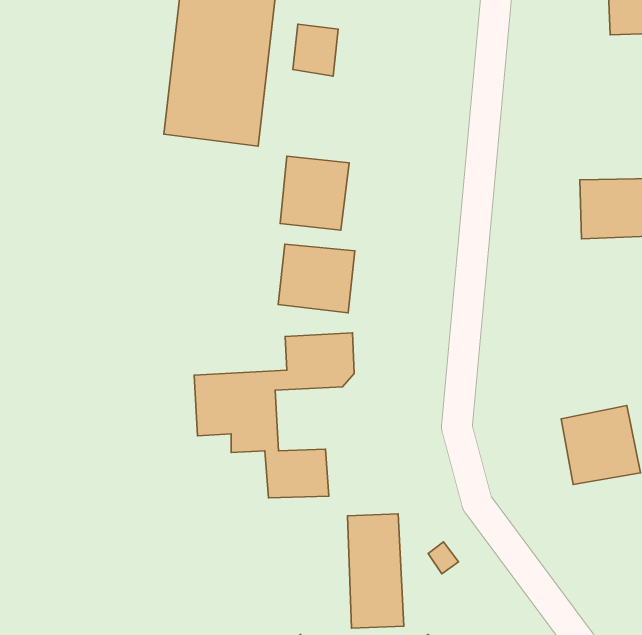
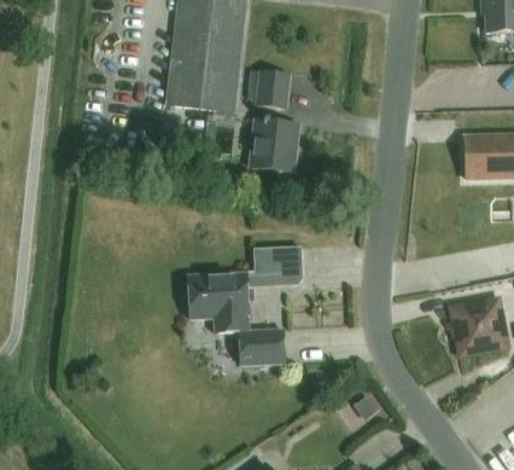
building: [293,24,338,76] -> [256,70,288,108]
building: [278,244,355,313] -> none
building: [348,514,404,628] -> none

